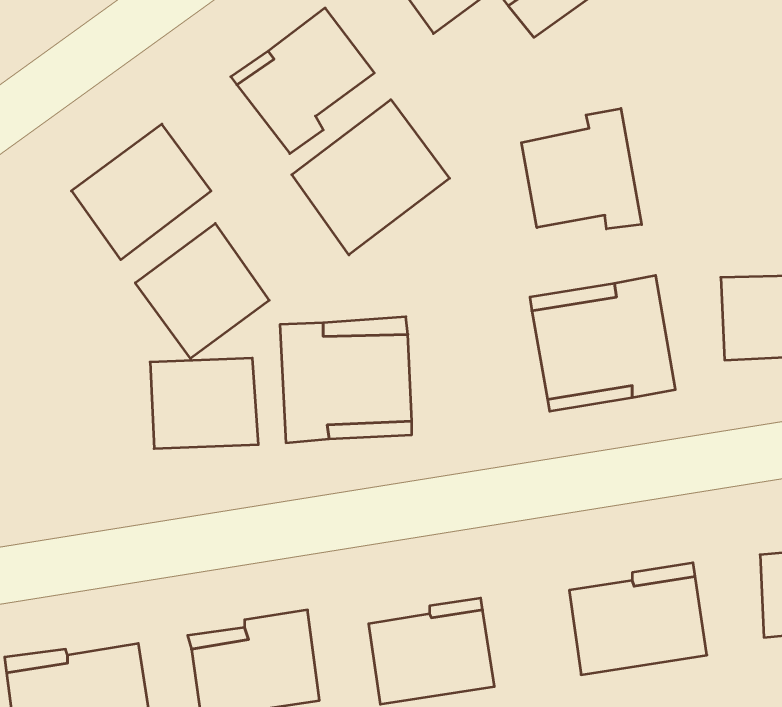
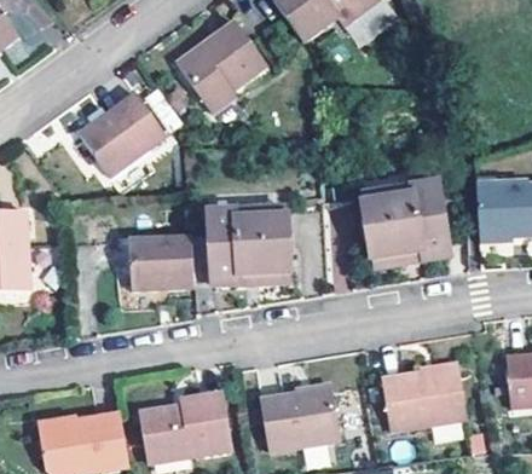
building: [292,100,450,255] -> none
building: [521,108,642,229] -> none
building: [135,223,269,359] -> none

